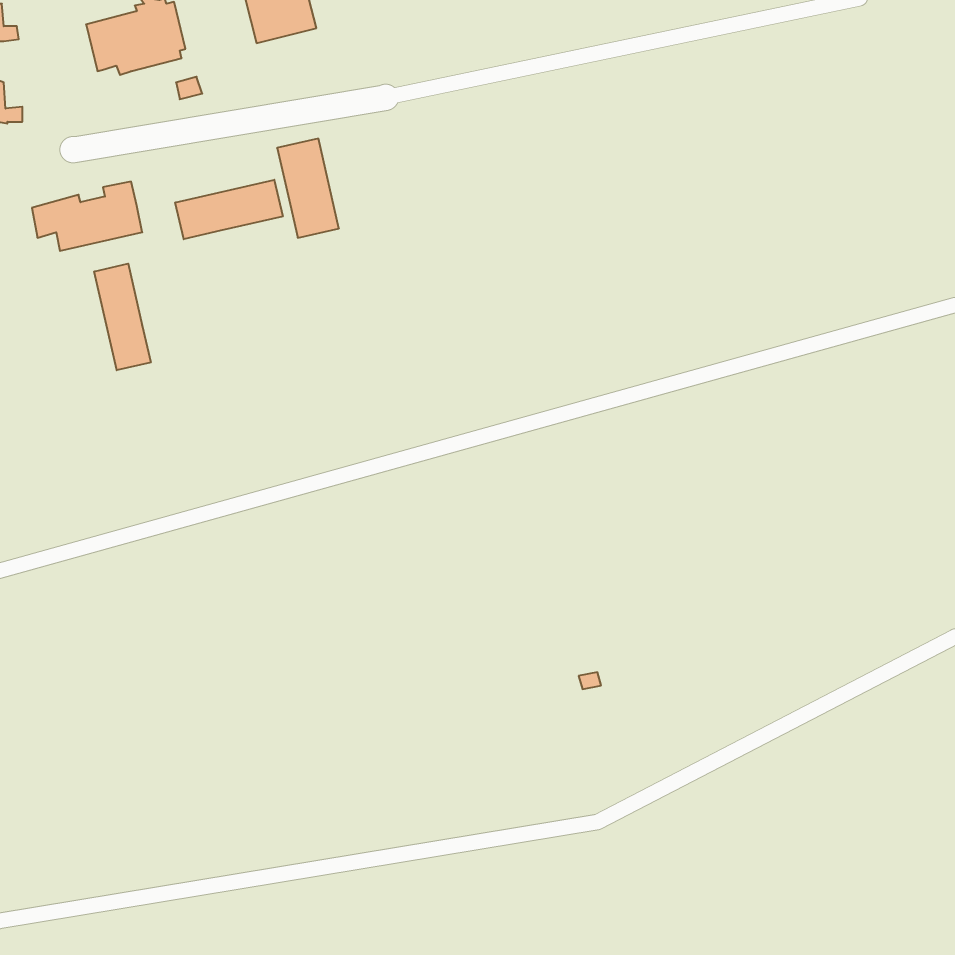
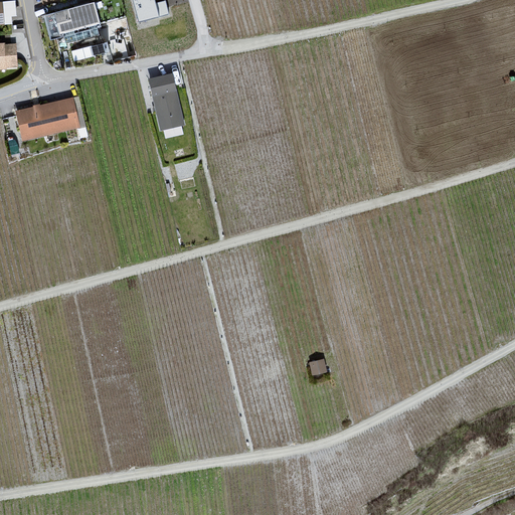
building: [175,180,283,239] -> none
building: [94,264,151,370] -> none

